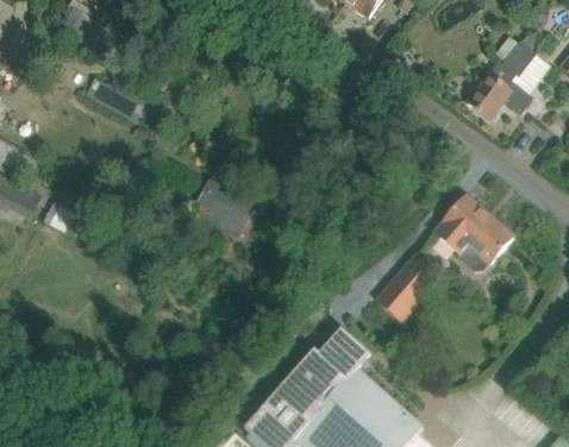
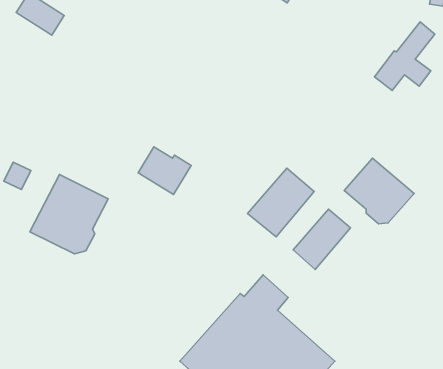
building: [86,75,146,121] -> none
building: none -> [248,168,314,237]
building: none -> [30,175,108,254]

